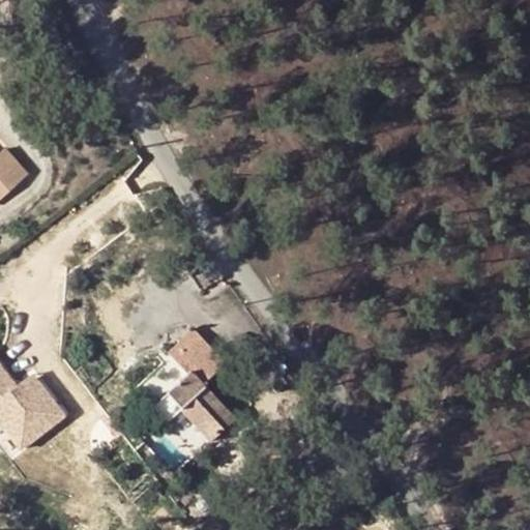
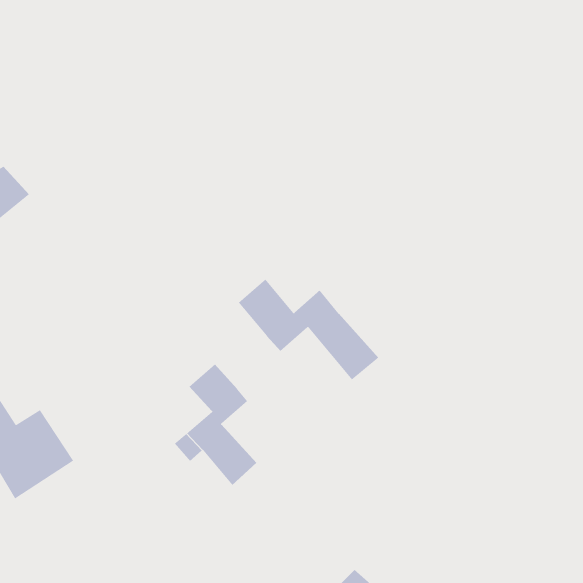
building: none -> [238,279,379,380]

